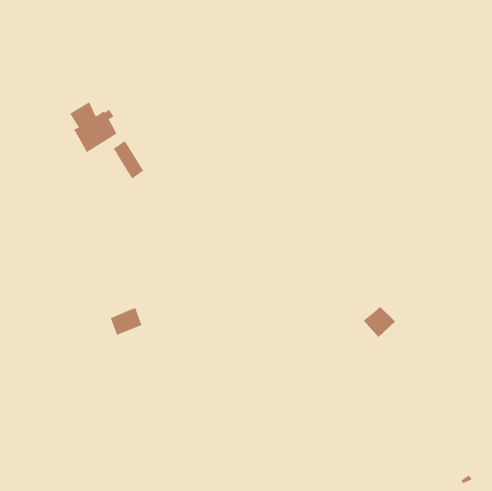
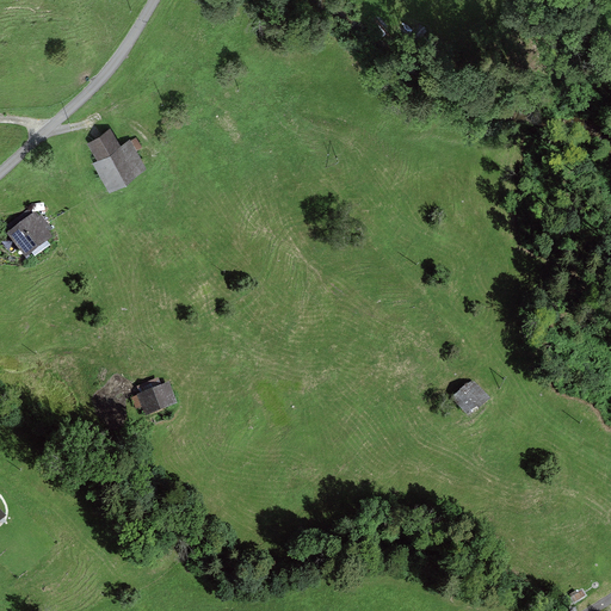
building: [113,140,144,180] -> none
building: none -> [6,211,53,258]

